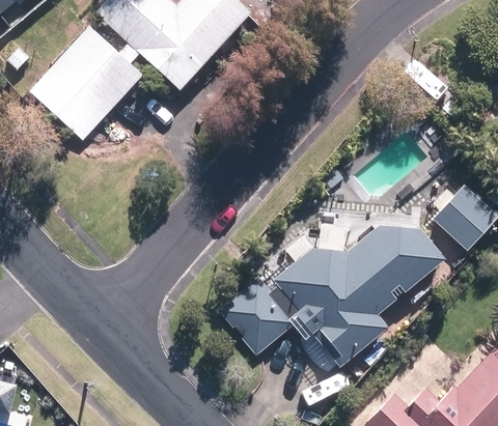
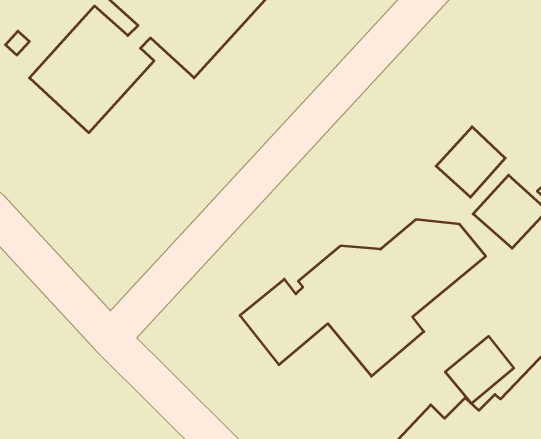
building: none -> [436,127,505,197]
building: none -> [445,336,514,404]

